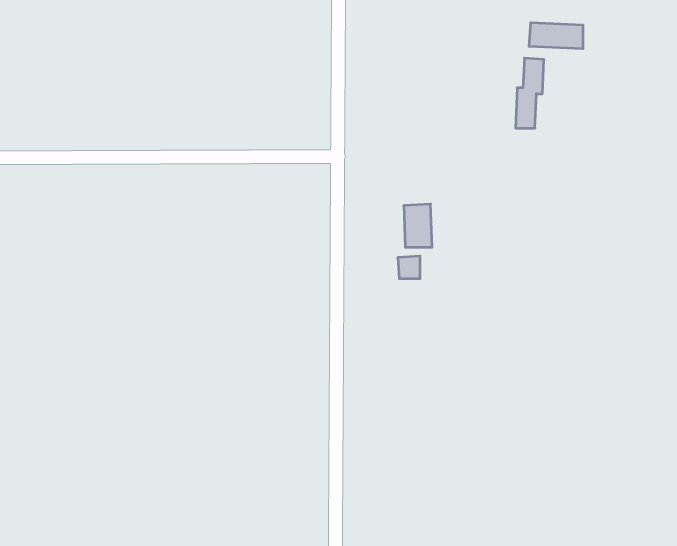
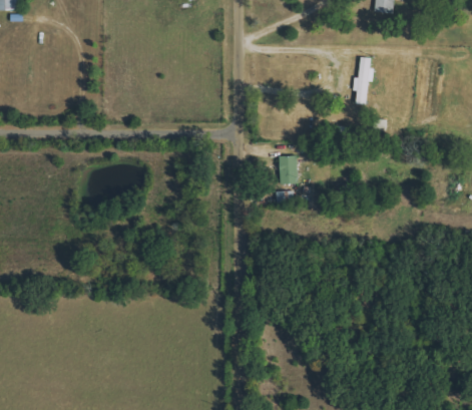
building: [529,23,583,49] -> none

